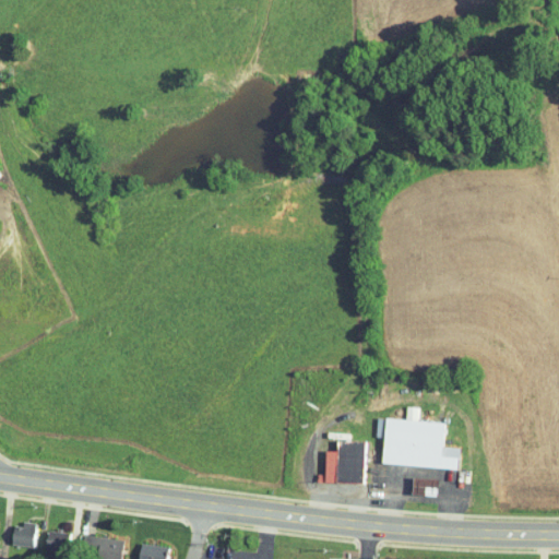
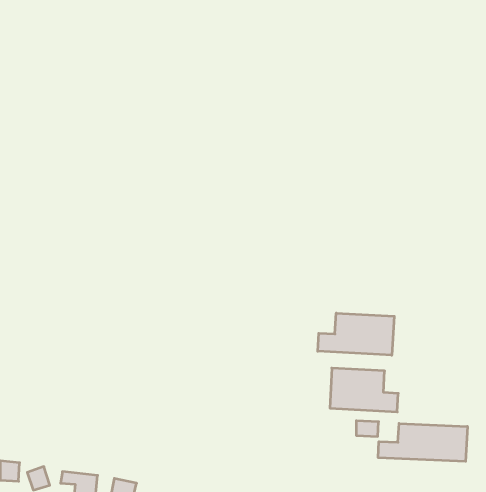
building: none -> [318,313,394,355]
building: [324,440,365,483] -> none
building: none -> [378,423,467,461]

